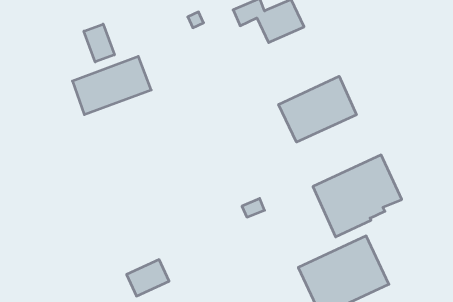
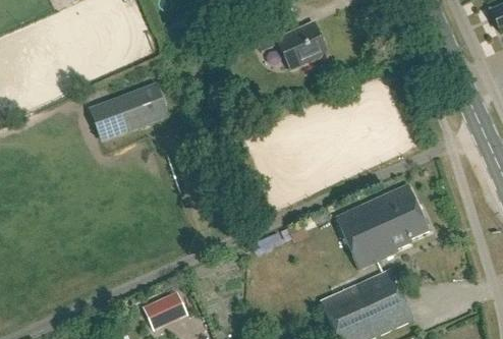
building: [84,24,114,62] -> none
building: [279,76,356,142] -> none

